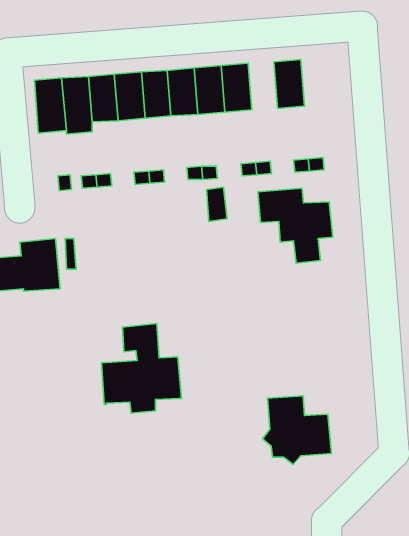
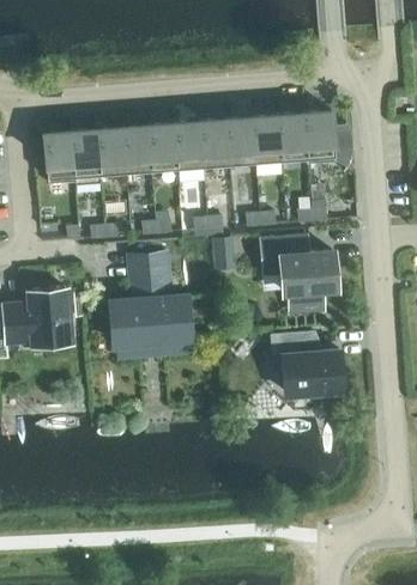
building: none -> [303,110,351,173]
building: none -> [252,115,280,162]
building: [102,324,181,413] -> [110,263,188,351]
building: [263,396,331,465] -> [274,333,342,400]

